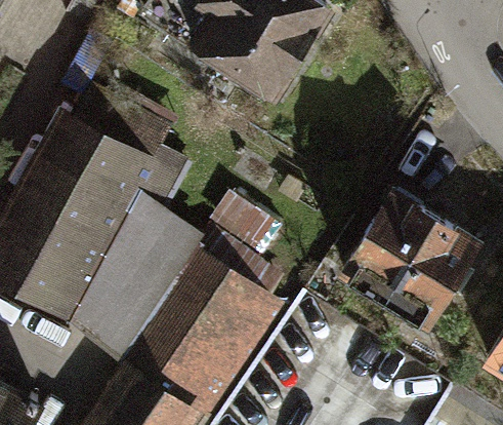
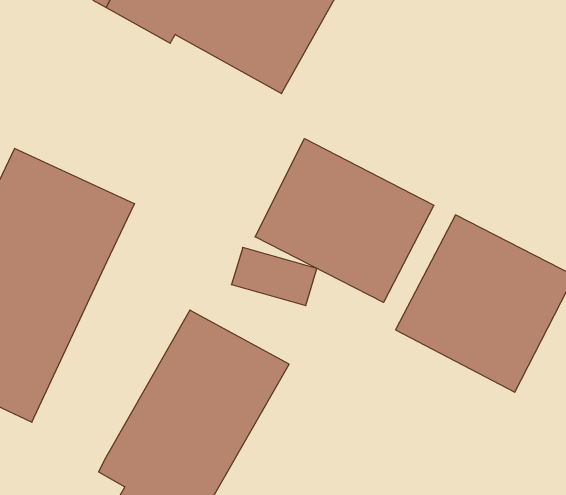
building: none -> [255,139,434,302]
building: [78,207,200,351] -> none

